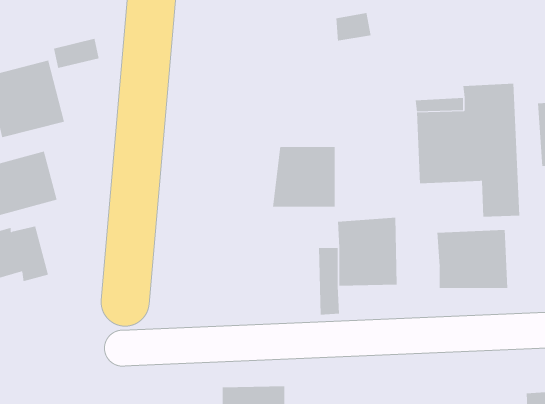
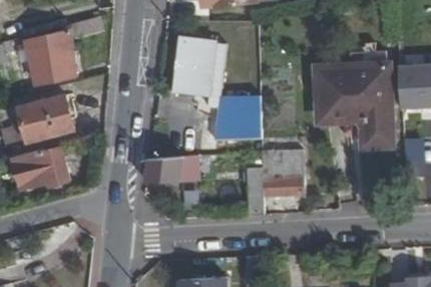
building: none -> [171,26,227,99]
building: [437,229,508,289] -> none
building: none -> [144,162,206,190]

